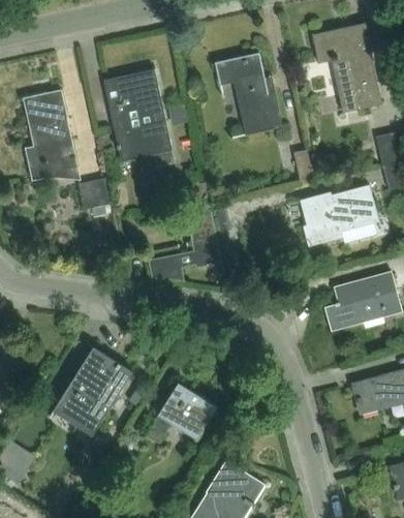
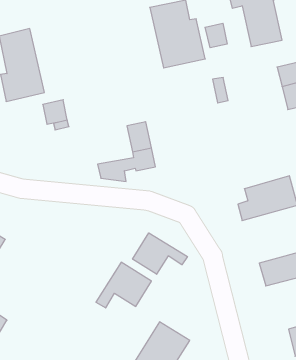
building: [103,68,176,166] -> none
building: none -> [205,23,227,48]
building: [296,187,380,248] -> none
building: none -> [133,233,187,274]
building: [48,348,129,441] -> none

